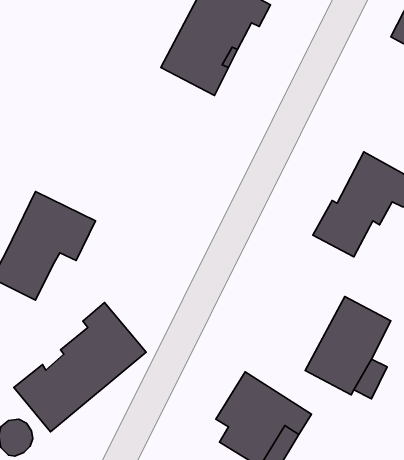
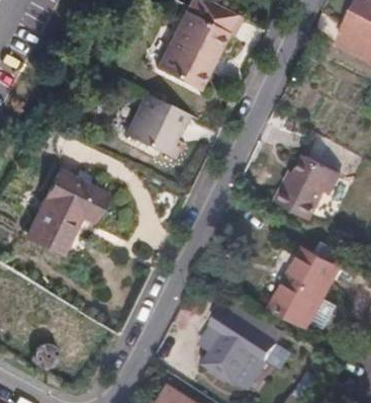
building: none -> [125,91,190,156]
building: [14,303,146,432] -> none

